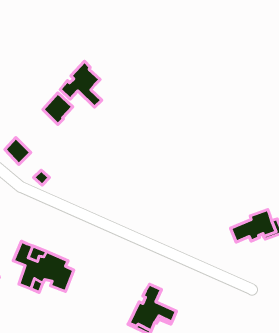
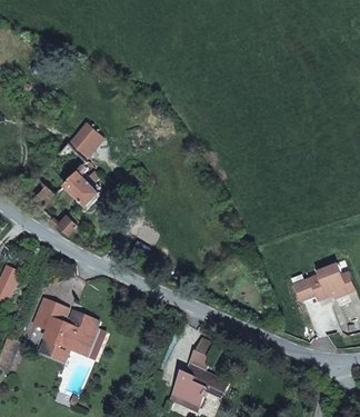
building: [60,61,102,107] -> none
building: none -> [63,162,99,206]

